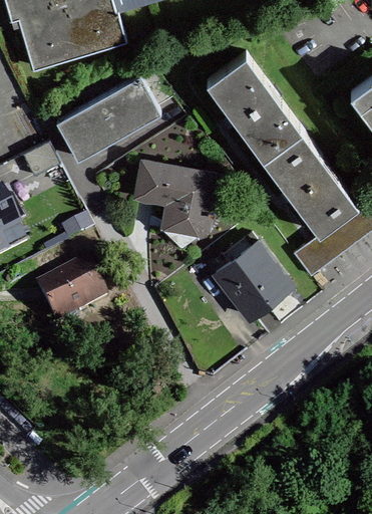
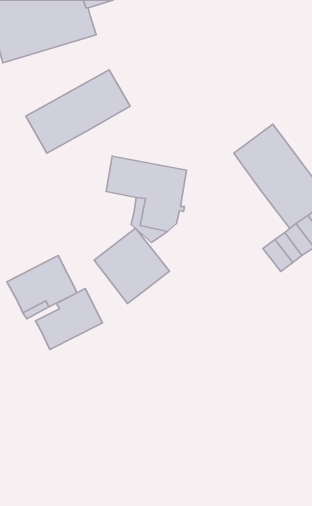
building: [205,54,301,160] -> none
building: [215,242,290,317] -> [94,228,170,303]
building: none -> [35,289,103,350]

